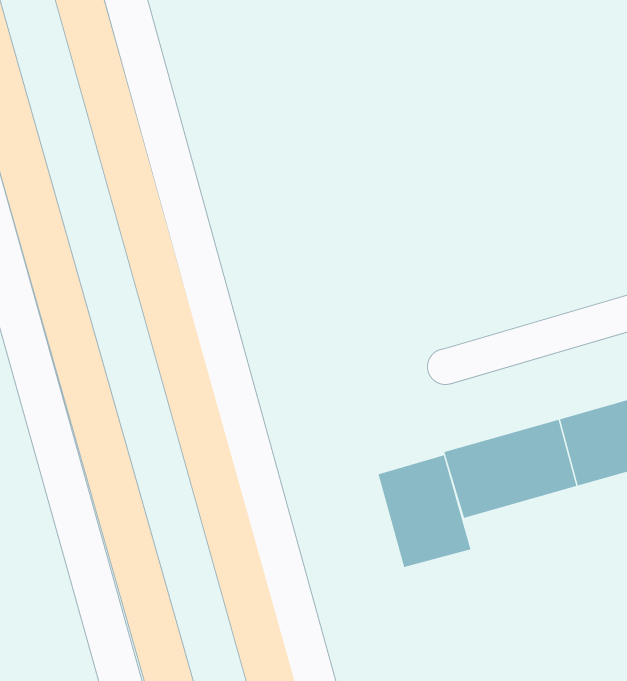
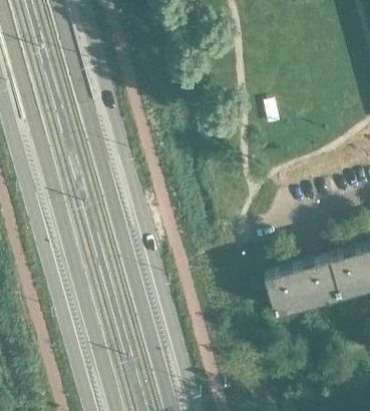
building: [378,455,471,568] -> none

